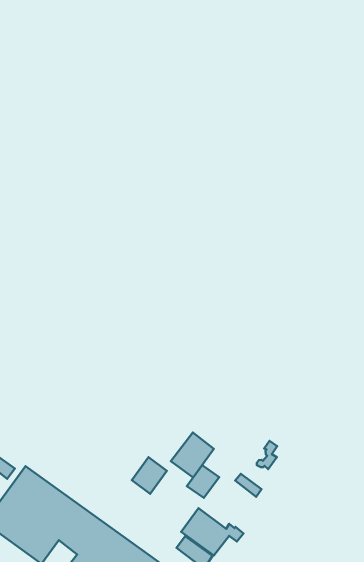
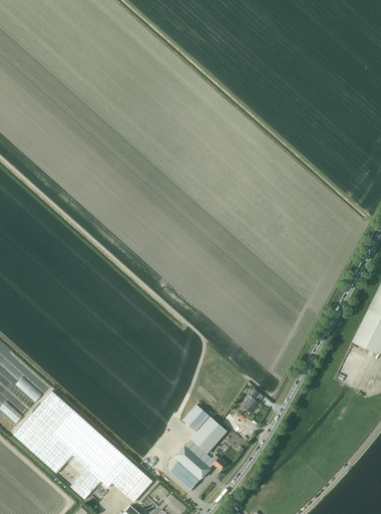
building: [171,432,214,478] -> [190,417,227,454]
building: [132,457,167,494] -> none

